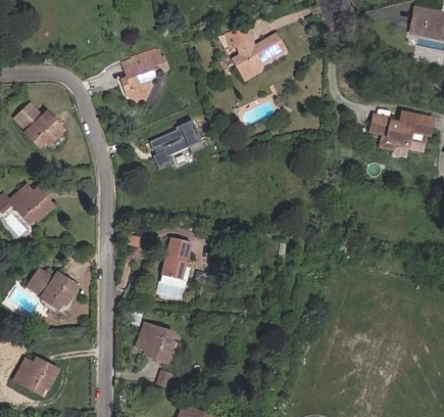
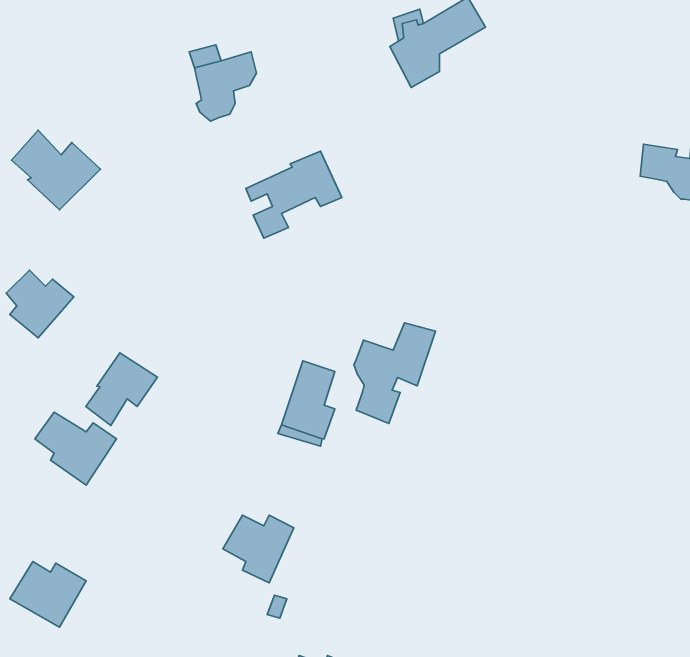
building: none -> [354,323,435,423]
building: none -> [86,353,158,425]

